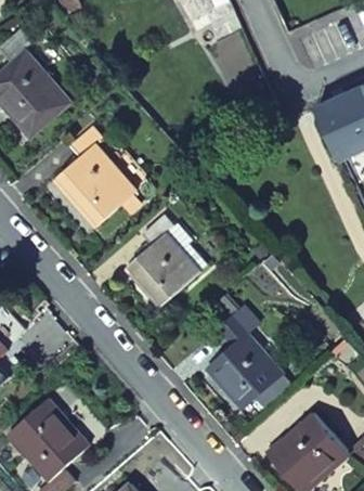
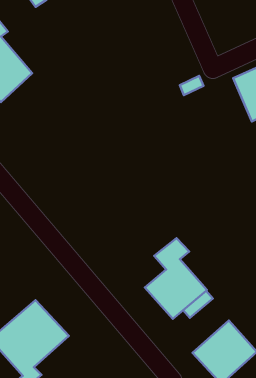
building: [51,129,134,229] -> none
building: [123,215,207,320] -> none

